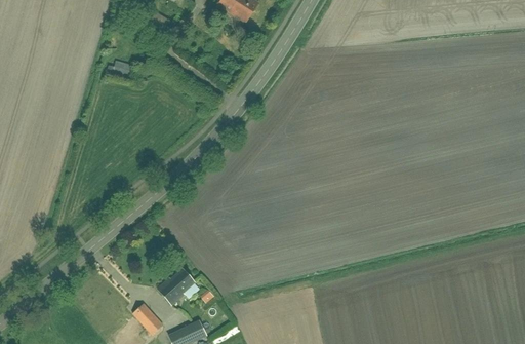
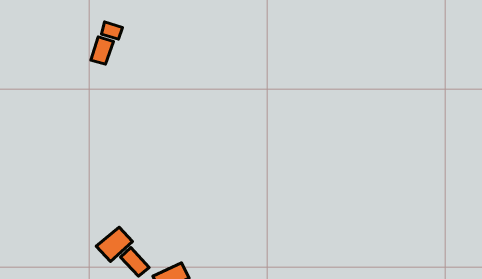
building: none -> [91,37,113,64]
building: [158,266,197,303] -> [96,227,132,261]

